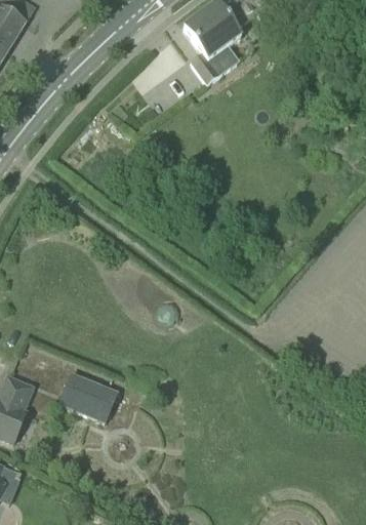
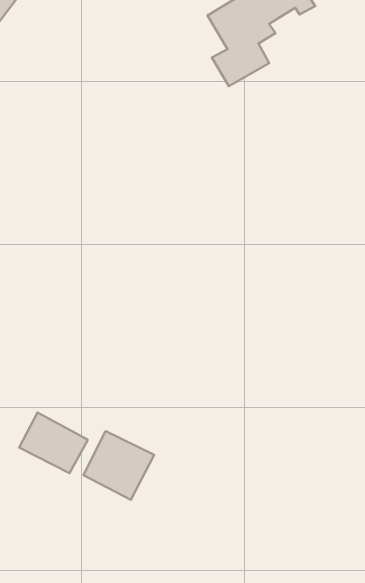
building: none -> [84,431,154,500]

